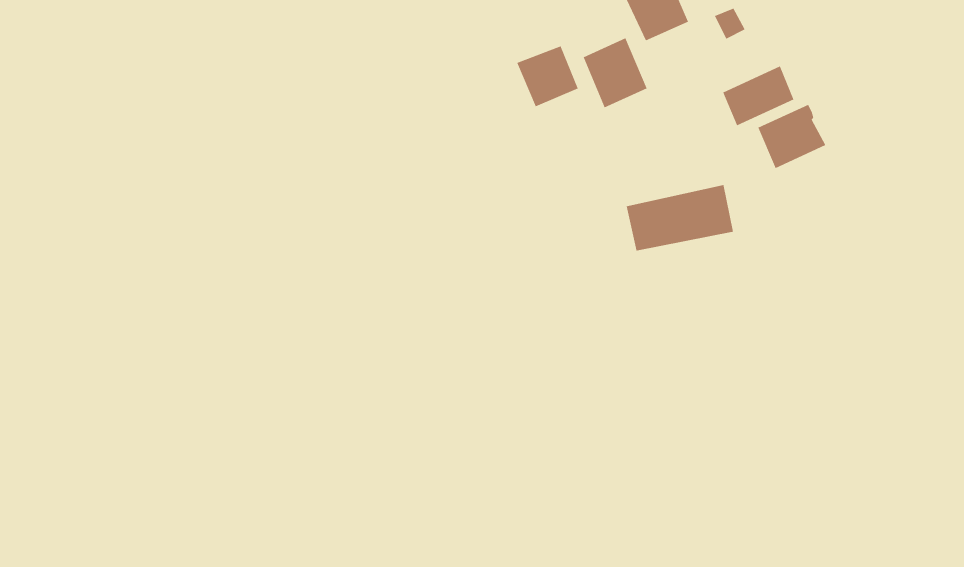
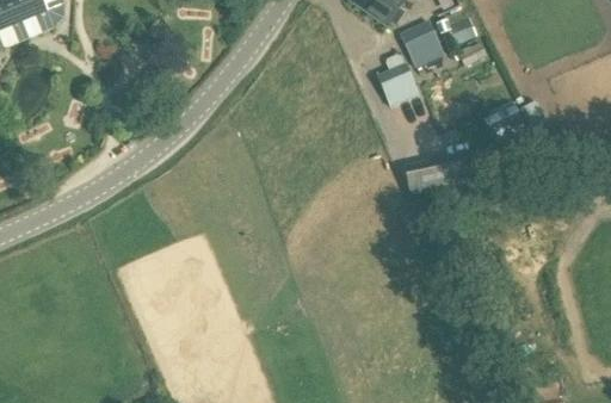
building: [517,45,579,107] -> none
building: [723,66,794,126] -> none

